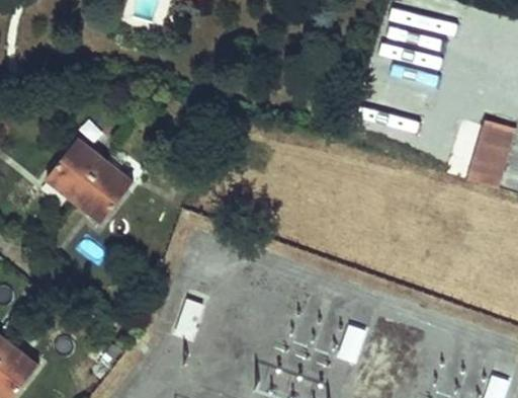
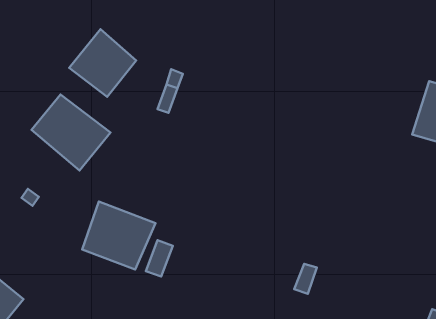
building: none -> [69,29,136,97]
building: none -> [82,202,155,270]

